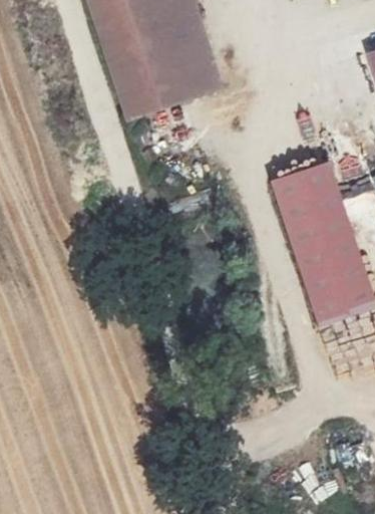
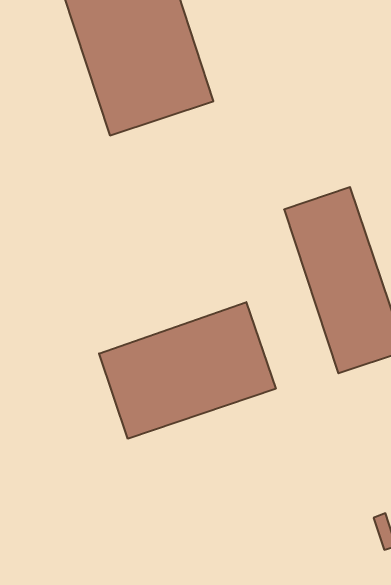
building: none -> [99,302,276,439]

